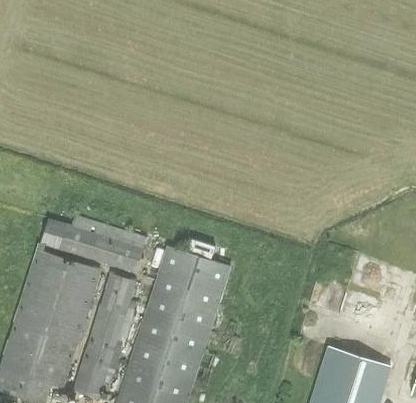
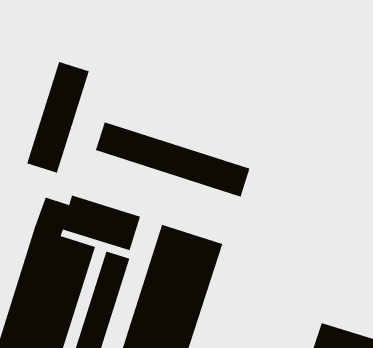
building: none -> [27,61,90,173]
building: none -> [95,121,250,197]

